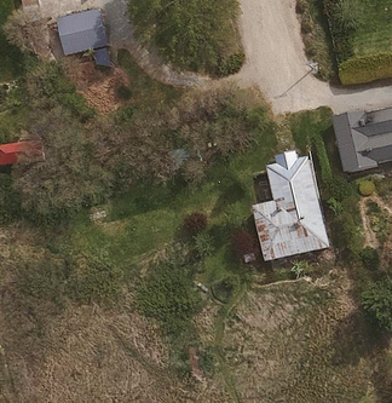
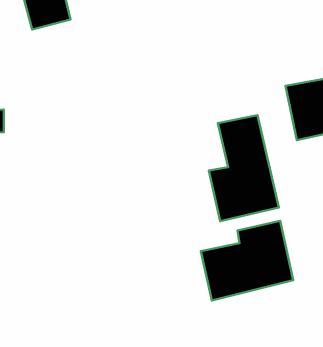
building: none -> [201,221,293,301]

